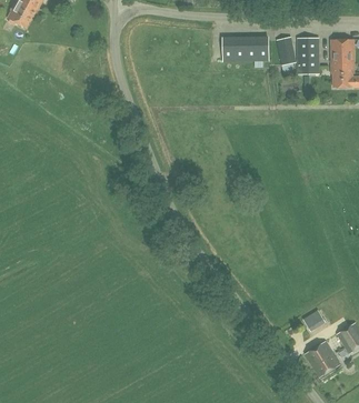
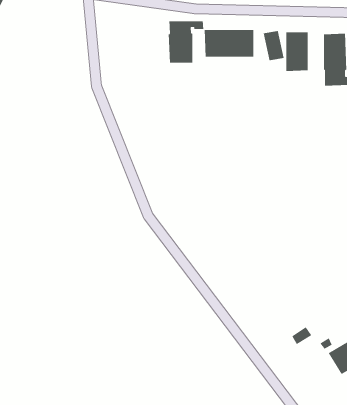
building: none -> [168,21,204,64]
building: [305,342,339,376] -> none

